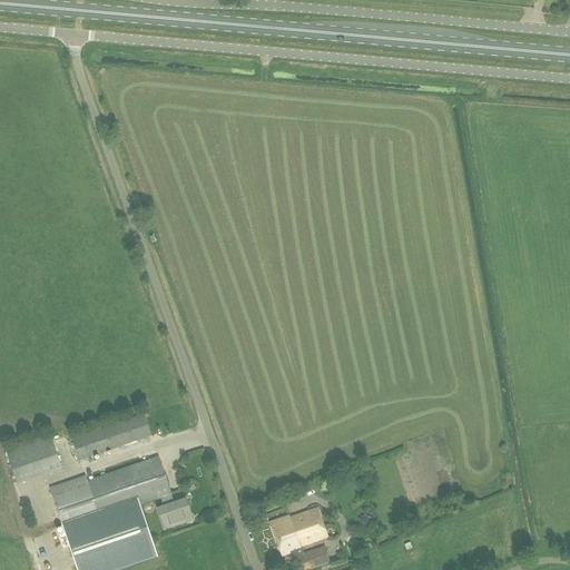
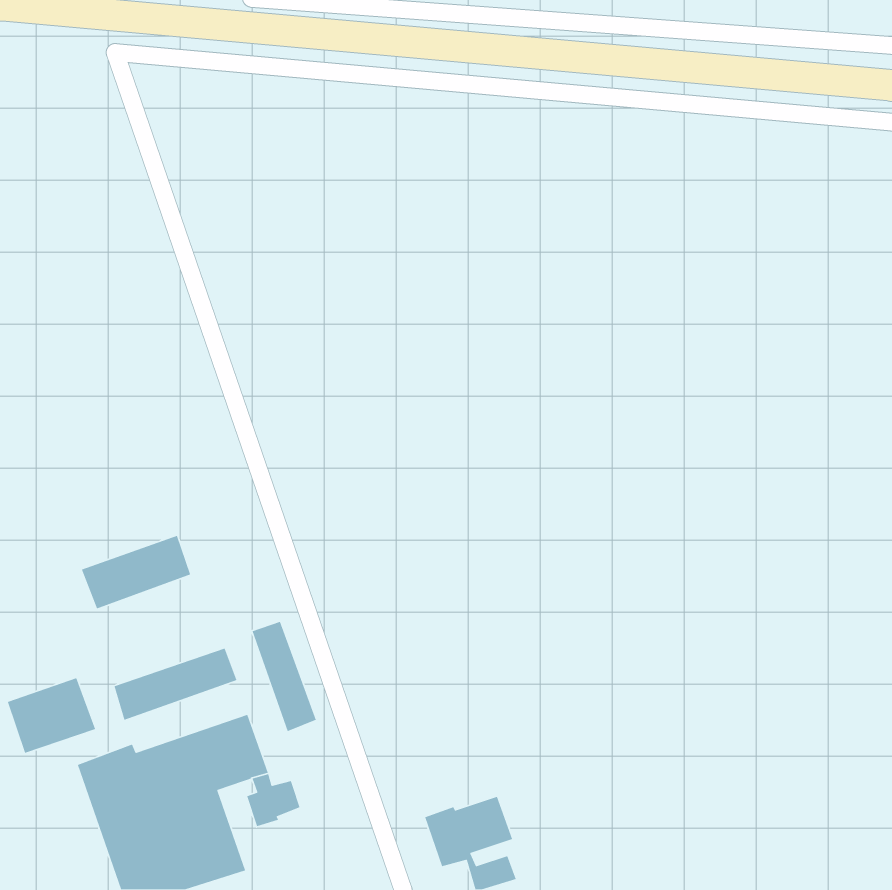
building: none -> [81,535,191,609]
building: none -> [251,621,317,732]

